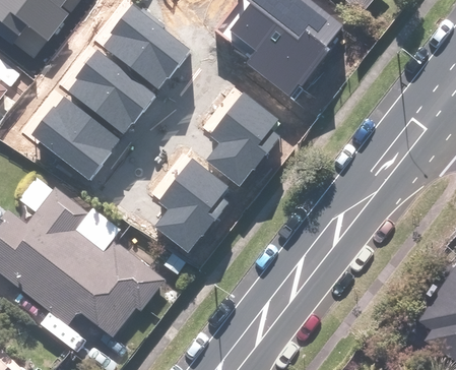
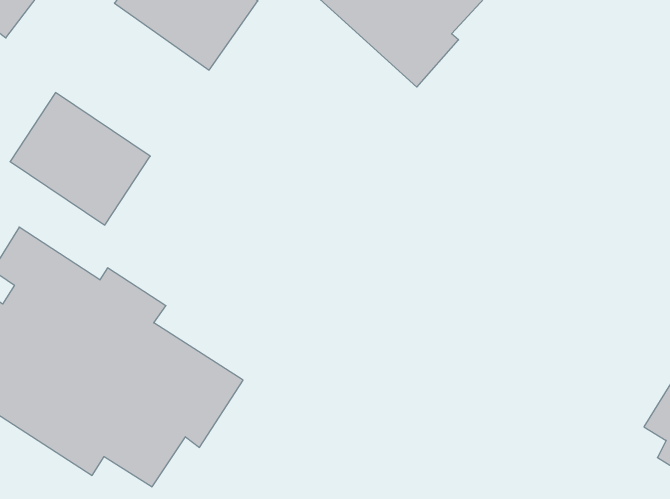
building: [67,48,154,132] -> none
building: [209,94,280,184] -> none
building: [157,160,230,250] -> none

